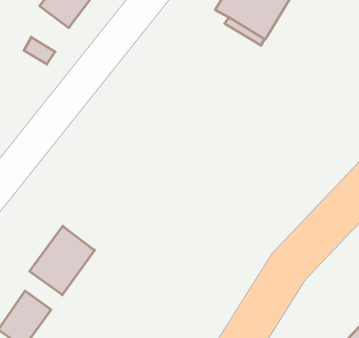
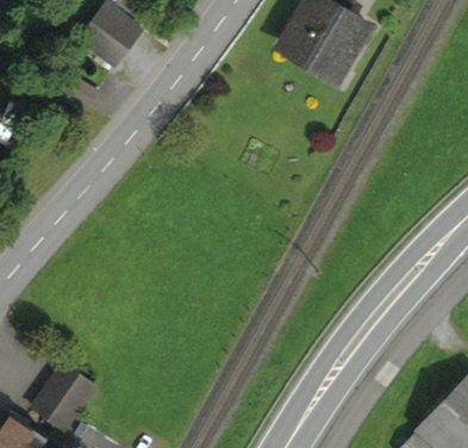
building: [30,226,95,295] -> none

